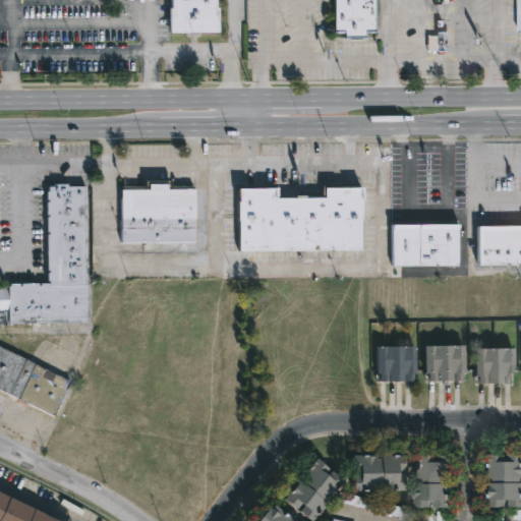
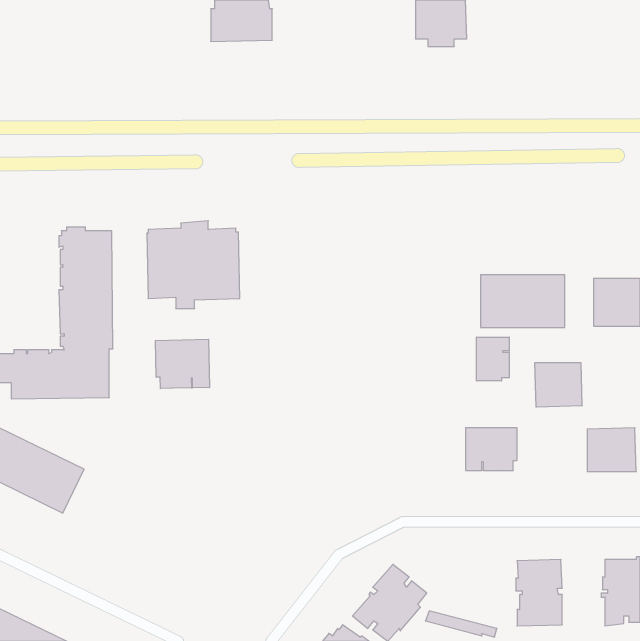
building: [236,185,362,250] -> none
building: none -> [477,337,509,381]
building: none -> [156,339,209,389]
building: [426,346,465,382] -> [535,363,582,407]
building: [355,455,409,494] -> none

